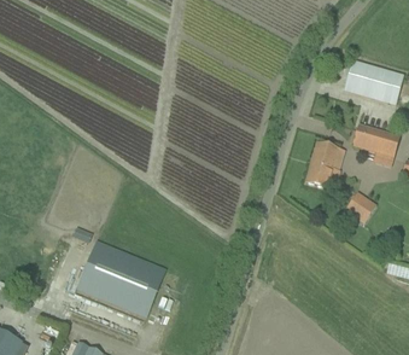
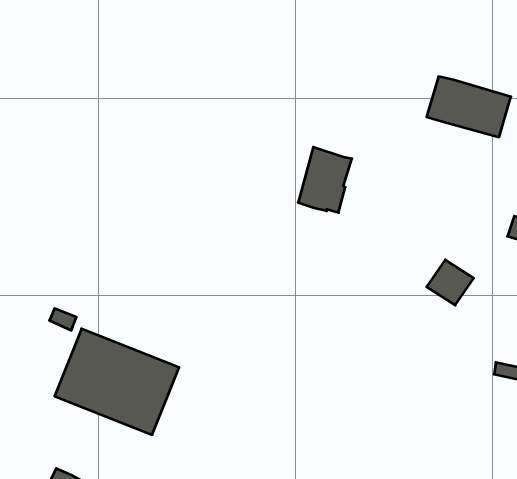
building: [351,123,399,157] -> none
building: [305,141,344,188] -> [298,147,352,213]

